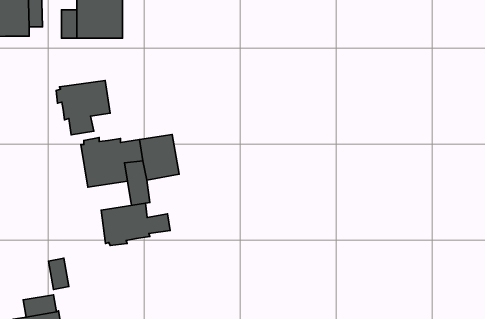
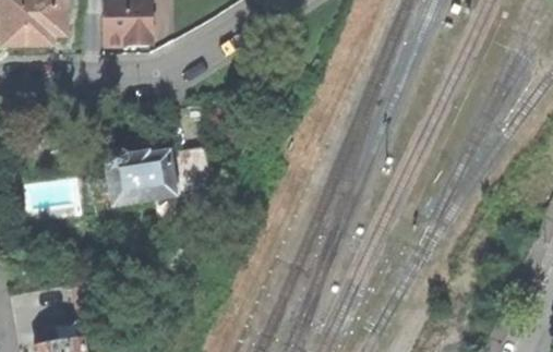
building: [56,80,110,135] -> none
building: [101,203,170,246] -> none

